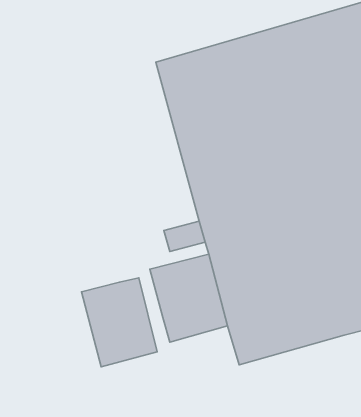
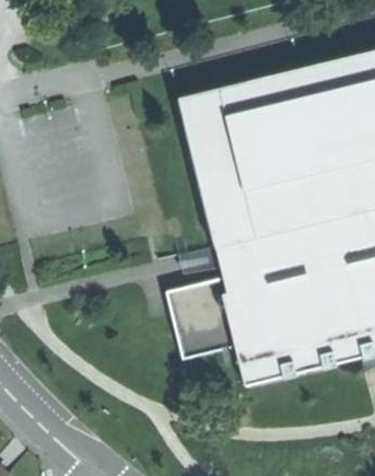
building: [82,278,157,367] -> none

